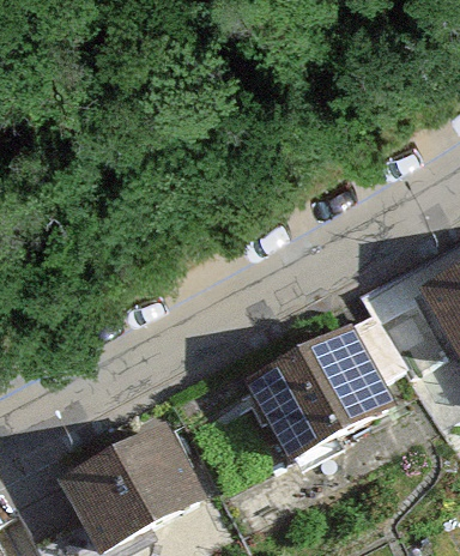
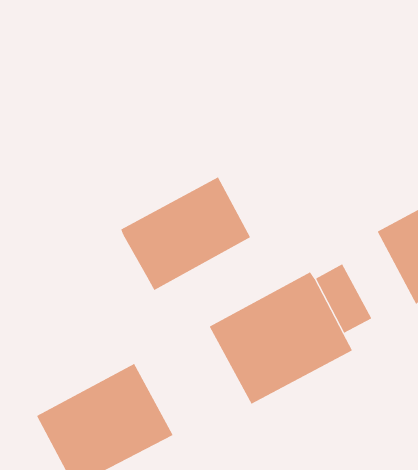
building: none -> [121,176,251,291]

